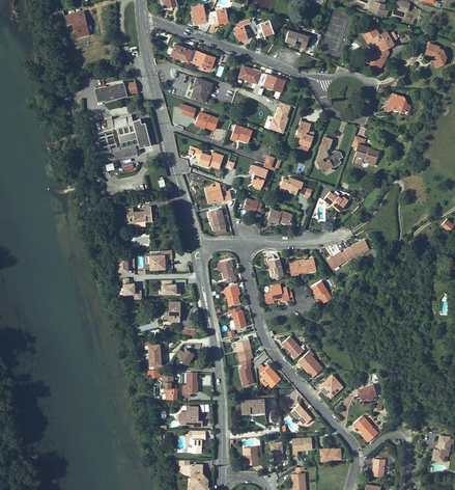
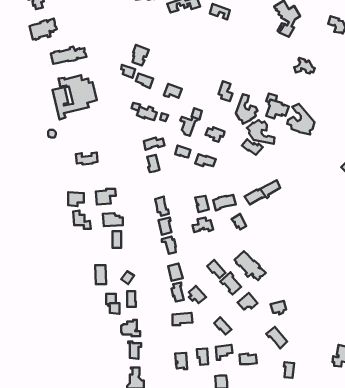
building: [171,45,215,70] -> none
building: none -> [30,19,57,40]
building: [239,65,284,93] -> none
building: [266,101,290,133] -> none
building: none -> [287,104,314,134]
building: none -> [247,120,275,144]
building: none -> [234,251,266,280]

